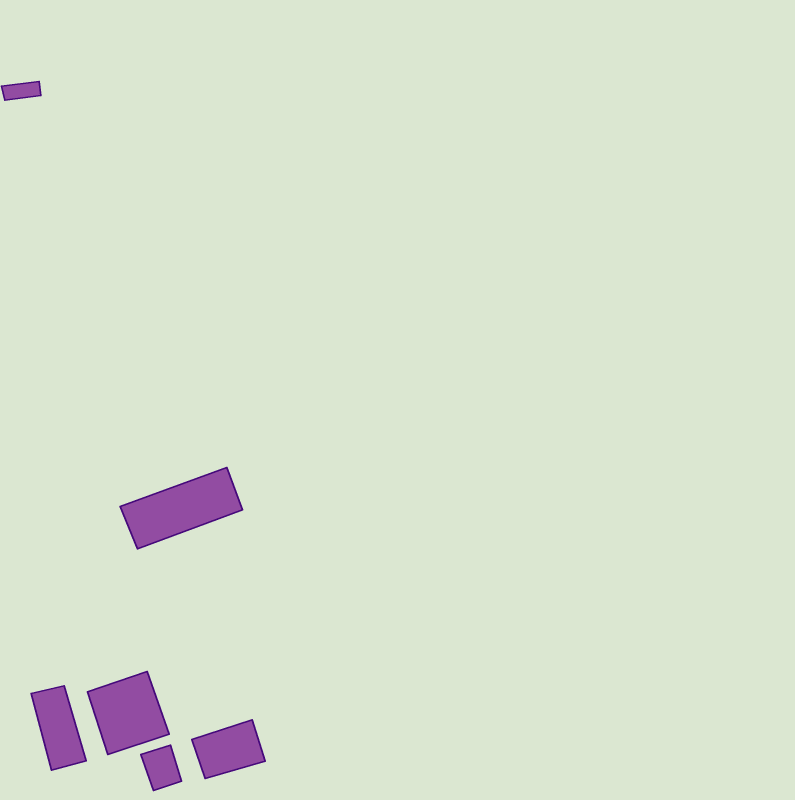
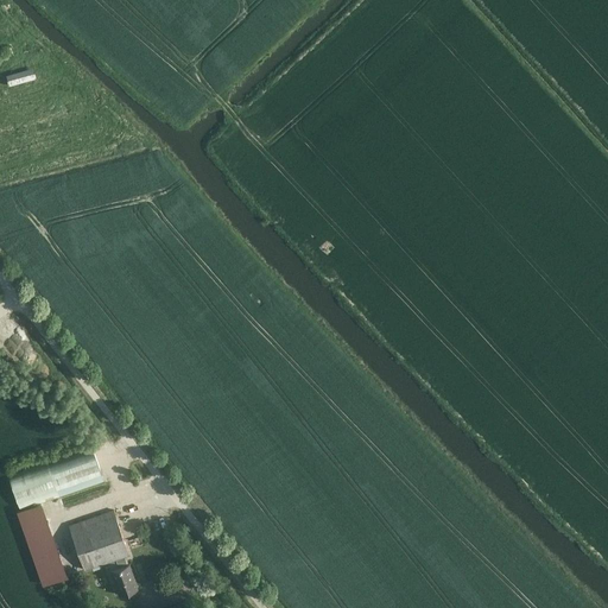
building: [120,468,242,549] -> [8,449,101,511]
building: [192,720,265,778] -> none

